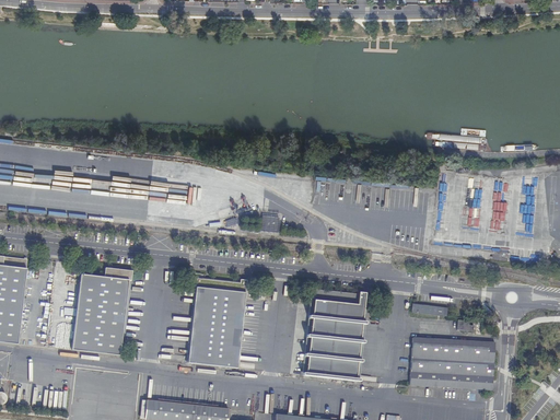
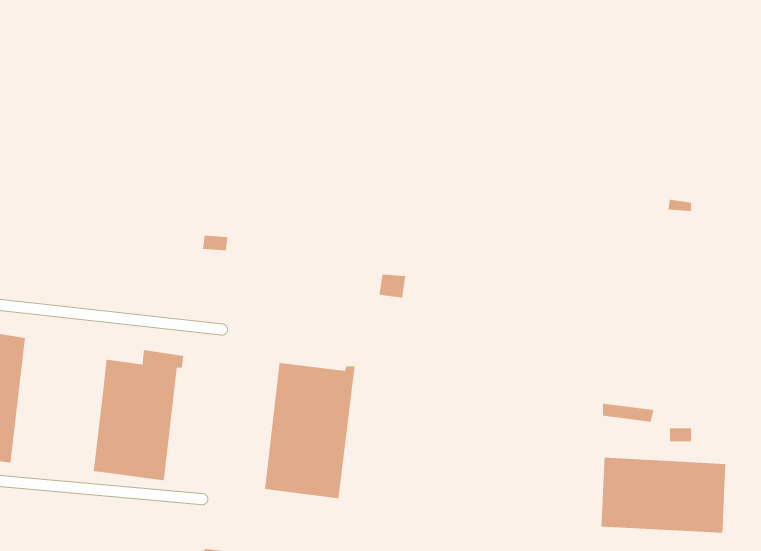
building: [305,293,366,384] -> none

